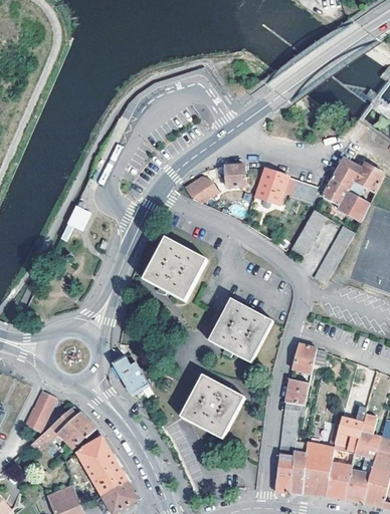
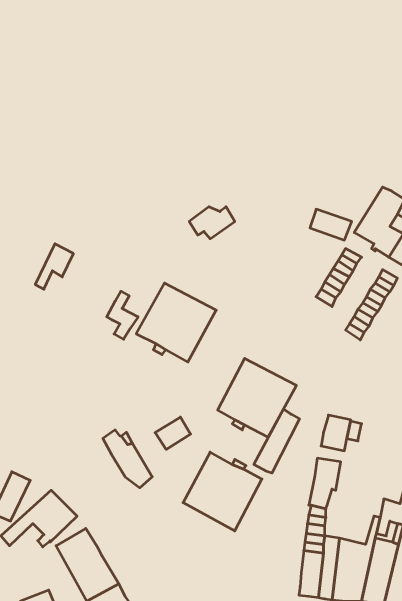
building: [225,166,244,186] -> none
building: [256,169,289,205] -> none
building: none -> [107,291,138,339]
building: none -> [254,409,299,473]
building: none -> [155,417,191,449]

